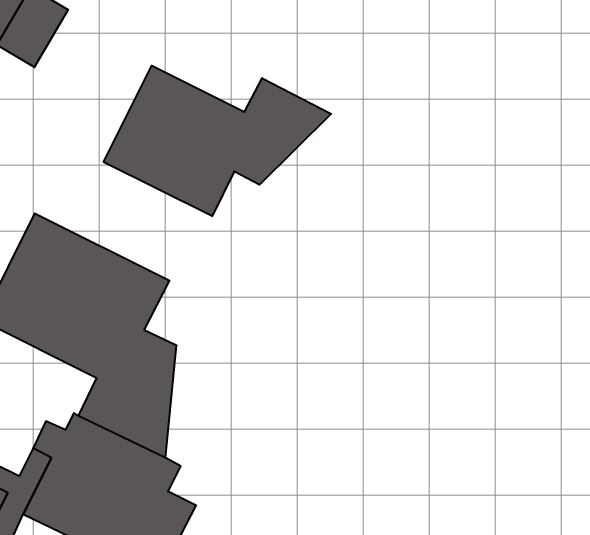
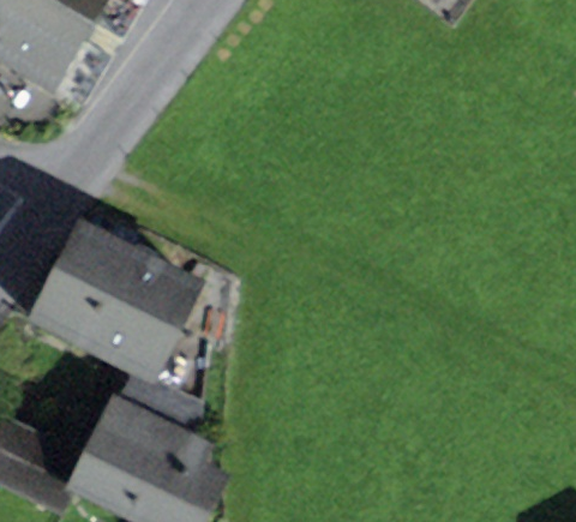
building: [104,66,331,216] -> none

